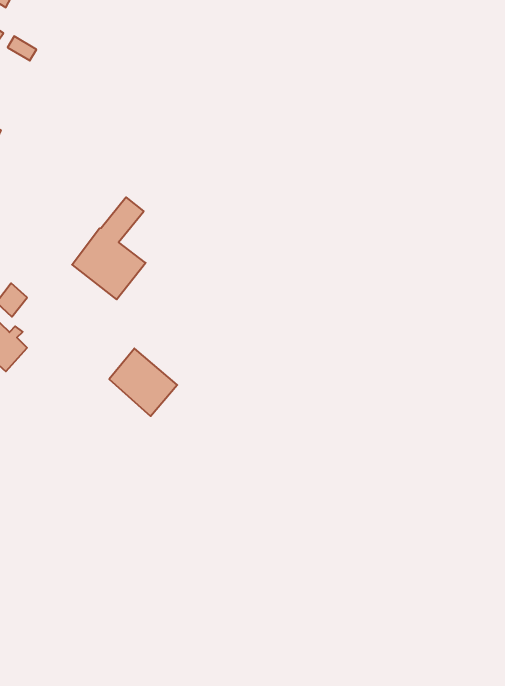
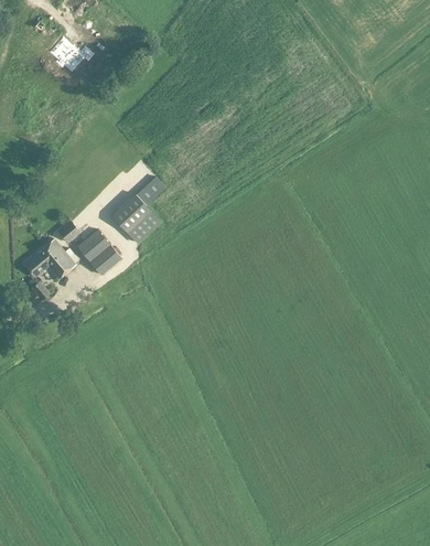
building: [109,348,177,416] -> [76,228,120,275]

